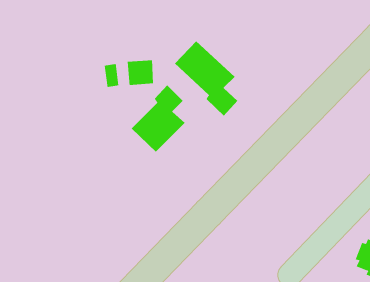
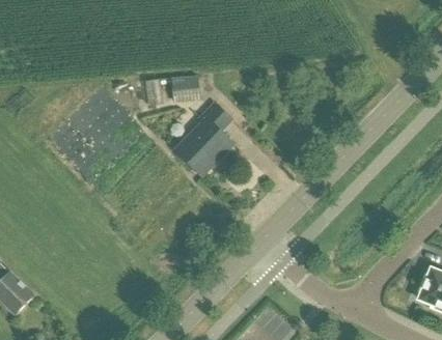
building: [174,40,238,117] -> none

